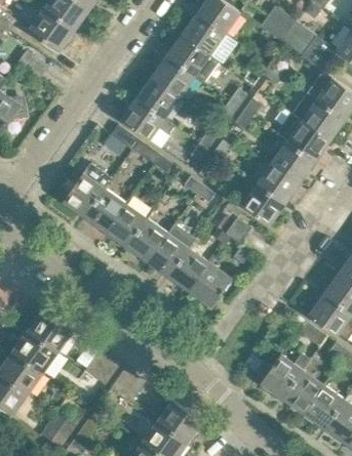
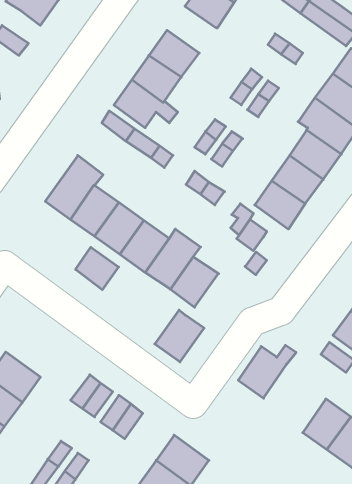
building: [166,36,220,83] -> none
building: none -> [76,247,119,290]
building: [190,263,232,307] -> [155,310,204,362]
building: [29,308,74,351] -> none
building: [261,354,310,399] -> [238,345,296,398]

